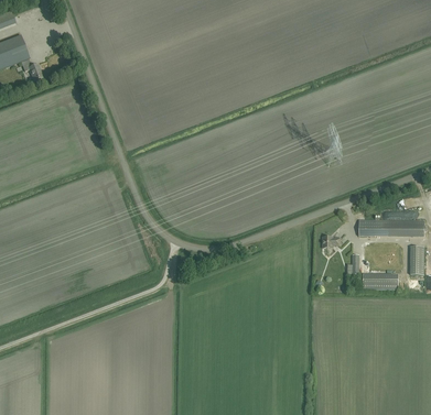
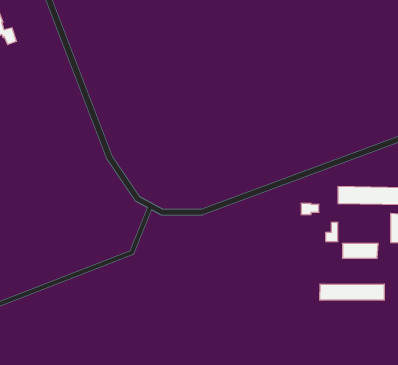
building: none -> [320,284,384,300]

